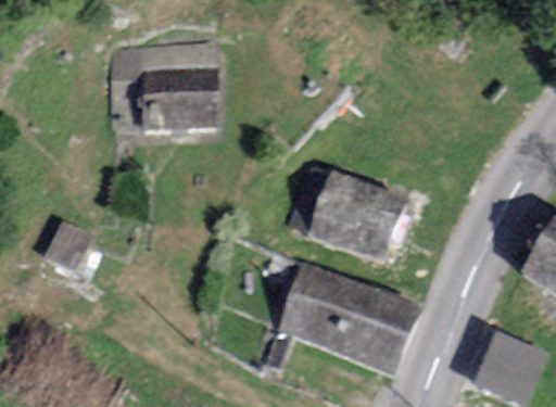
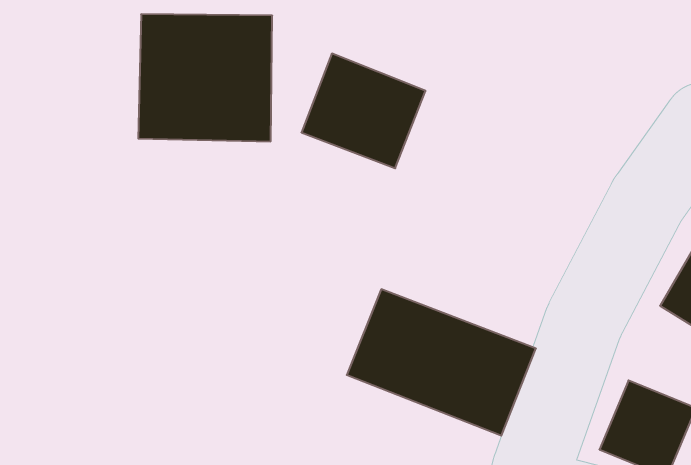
building: [308,171,406,262] -> [301,54,426,168]

